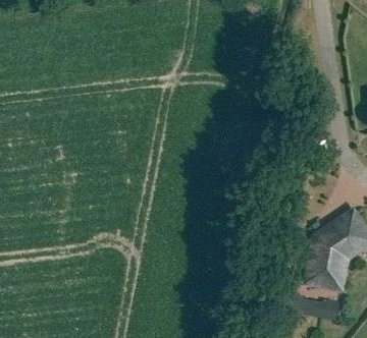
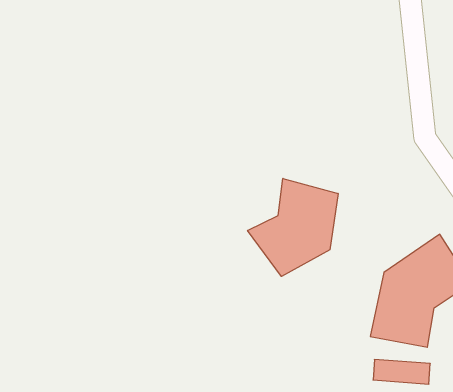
building: none -> [248,178,338,276]

